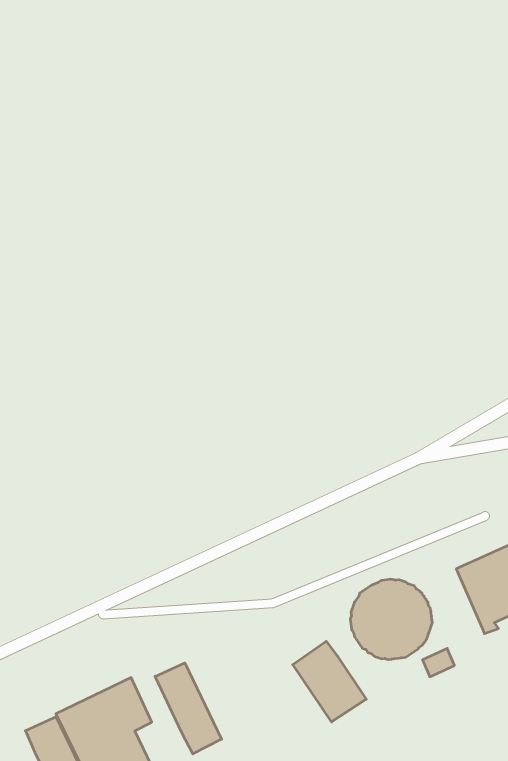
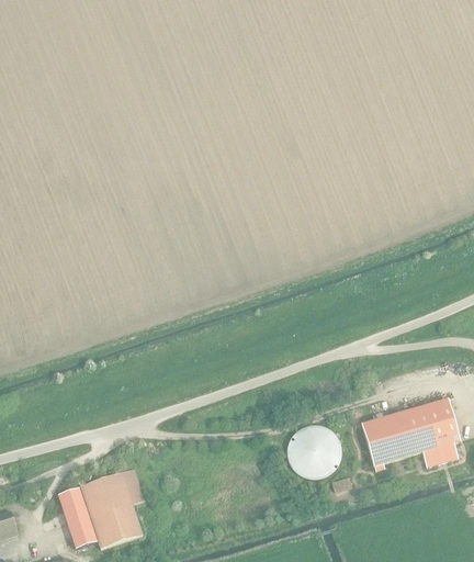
building: [293,641,366,722] -> none
building: [155,663,222,754] -> none

